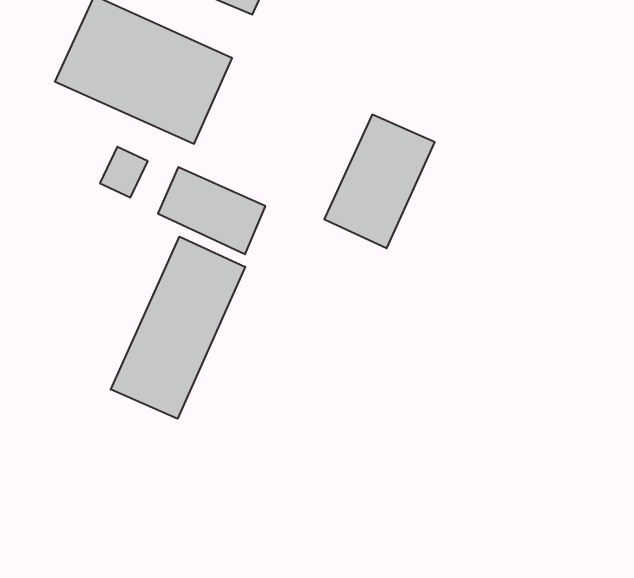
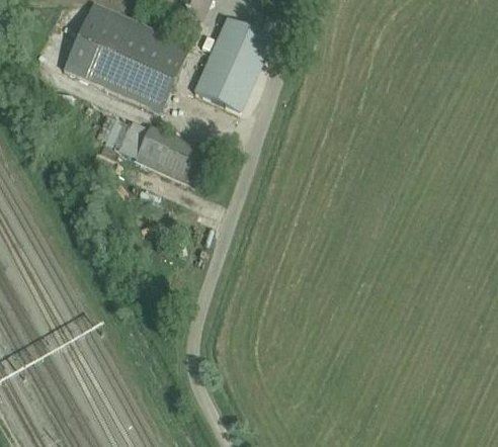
building: [324,115,435,248] -> [192,19,269,112]
building: [111,237,245,419] -> none

